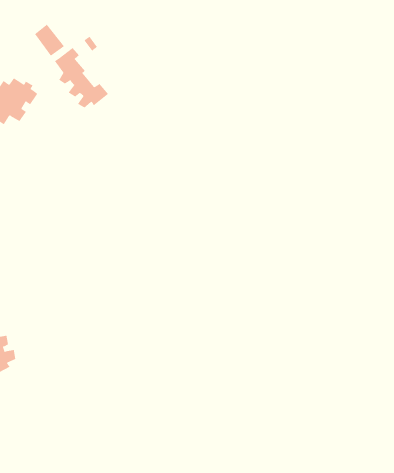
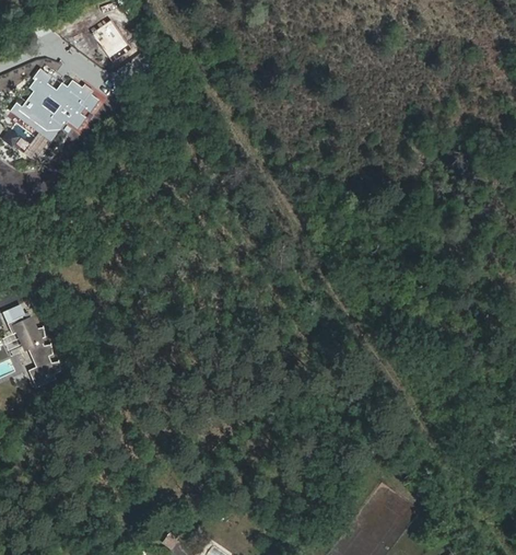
building: [54,47,109,109] -> none

